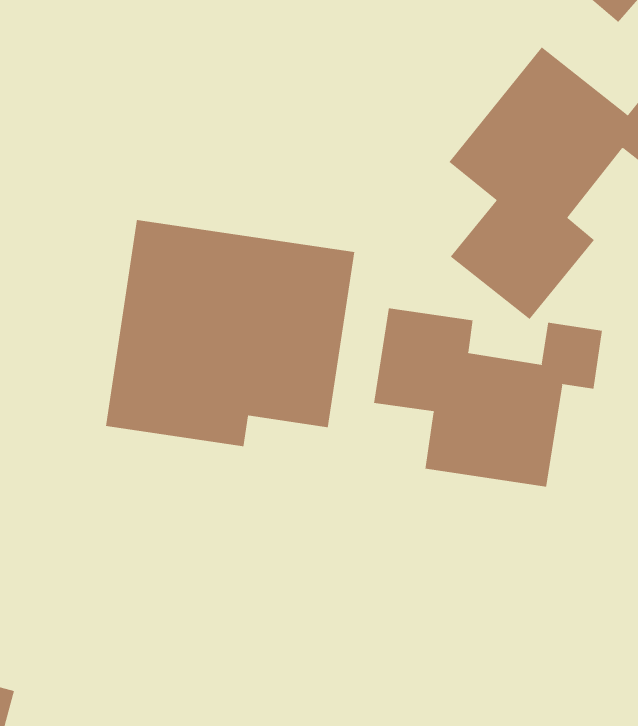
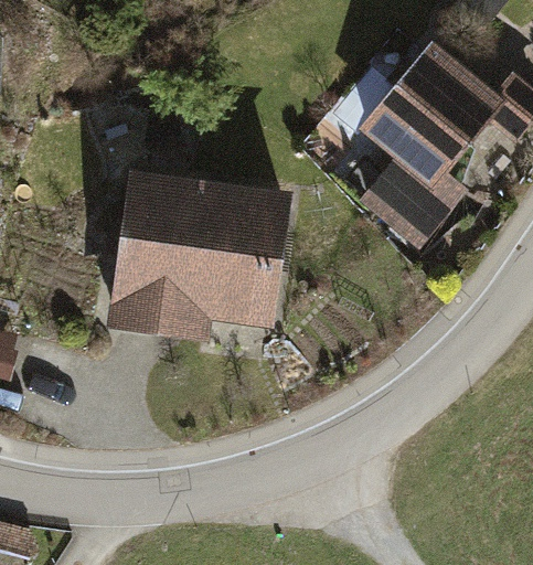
building: [374,308,602,487] -> none

